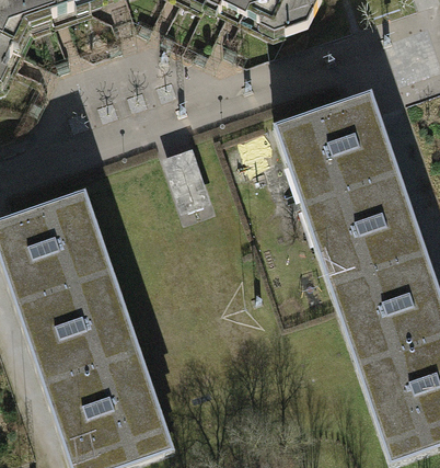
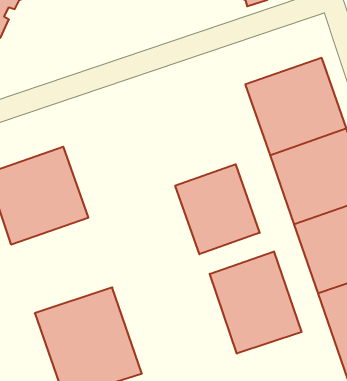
building: none -> [175,164,260,254]
building: [14,272,130,381] -> none
building: none -> [210,251,302,354]

